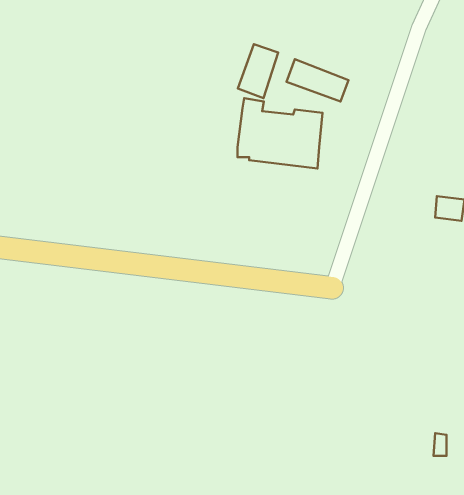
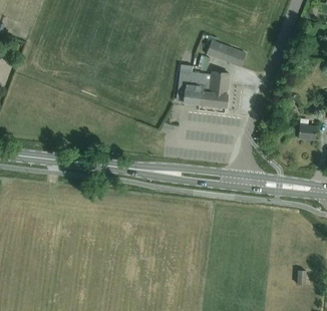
building: [238,44,278,98] -> none

